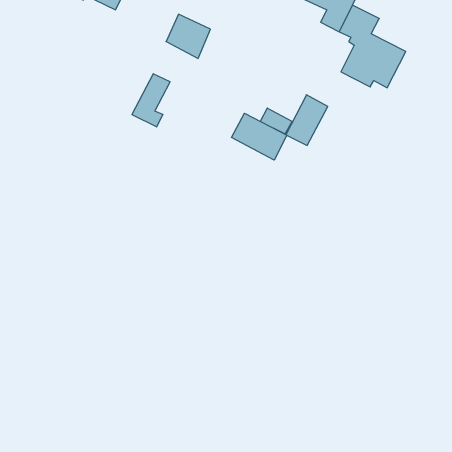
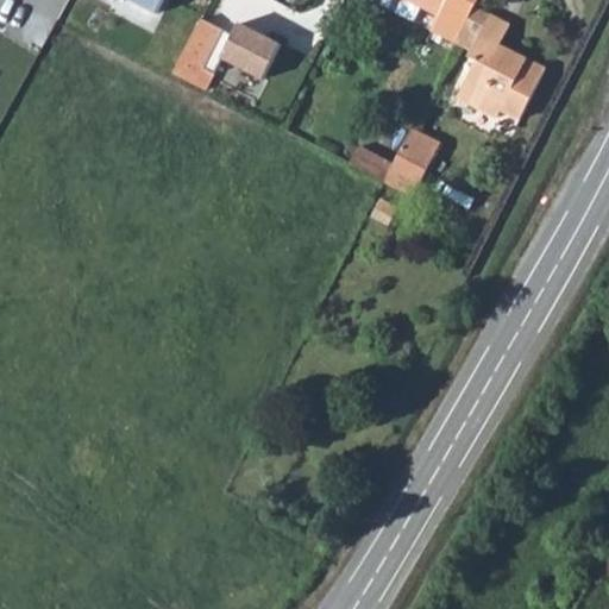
building: [132,74,170,127] -> [171,18,222,89]
building: [231,113,287,160] -> none

